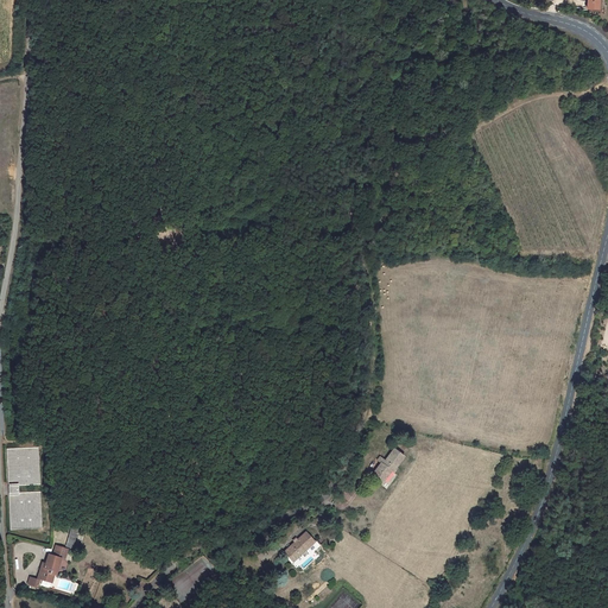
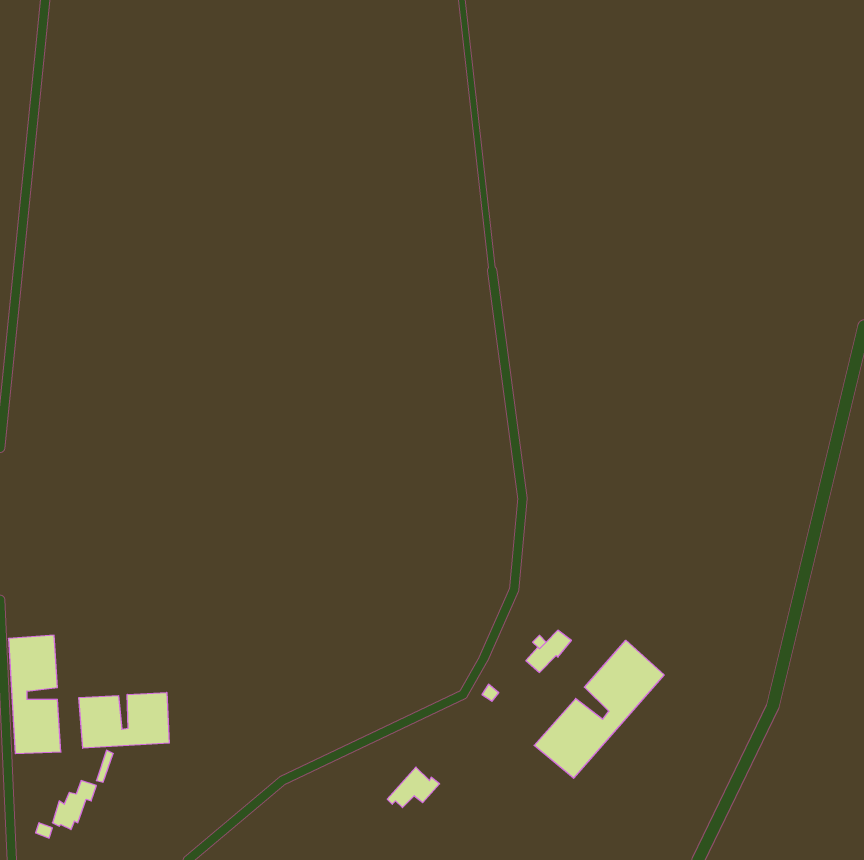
building: none -> [534,640,664,778]
building: none -> [79,692,169,748]

